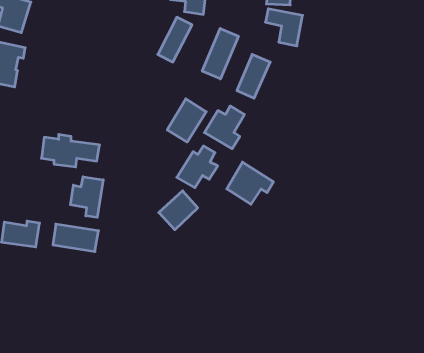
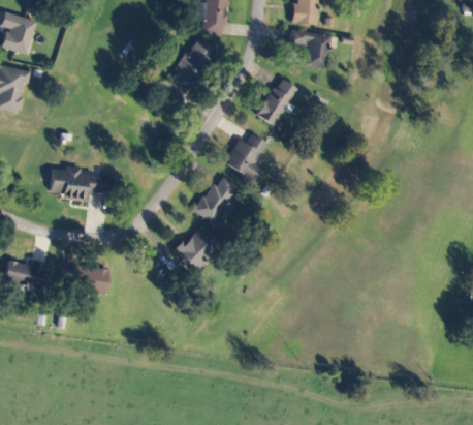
building: [202,28,238,79] -> none
building: [167,99,206,142] -> none
building: [227,162,273,204] -> none
building: [70,177,103,217] -> none

